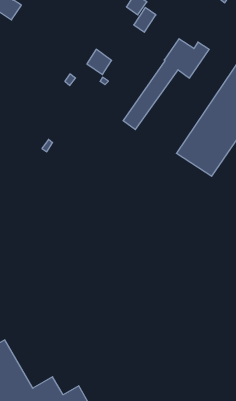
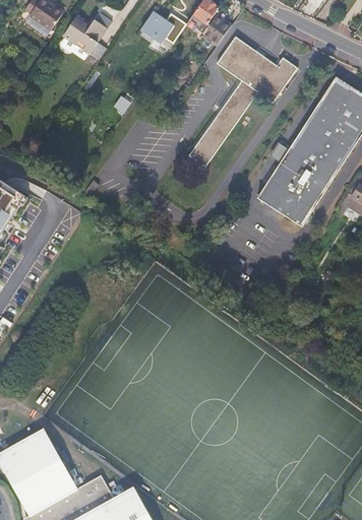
building: none -> [63,15,107,54]
building: none -> [215,37,257,80]
building: [87,49,112,75] -> [140,11,171,43]

